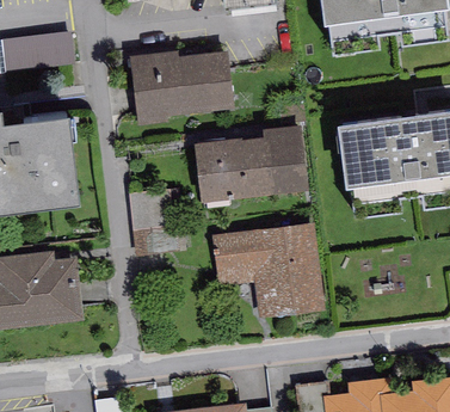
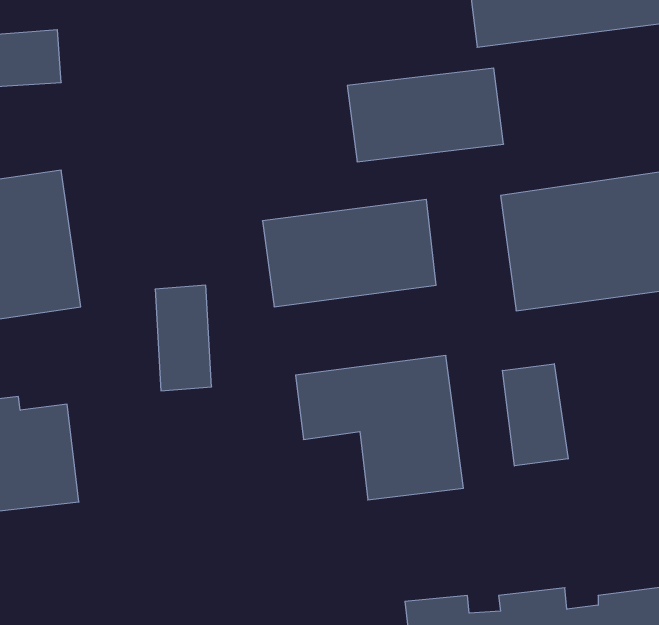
building: [131,60,227,117] -> [347,68,504,162]
building: none -> [502,364,568,466]

